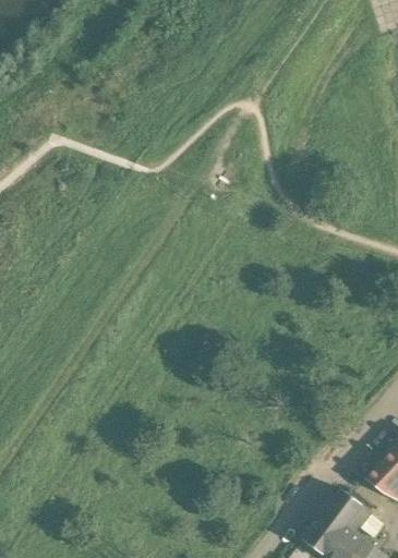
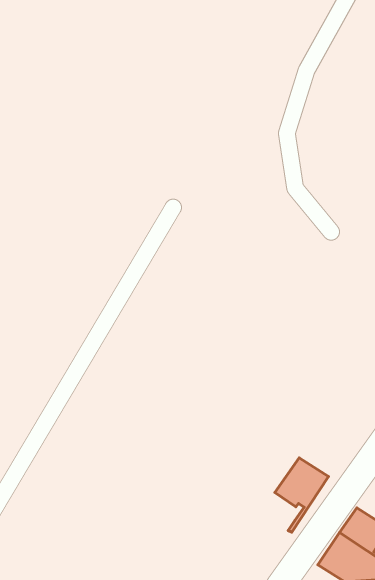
building: none -> [275,458,329,532]

